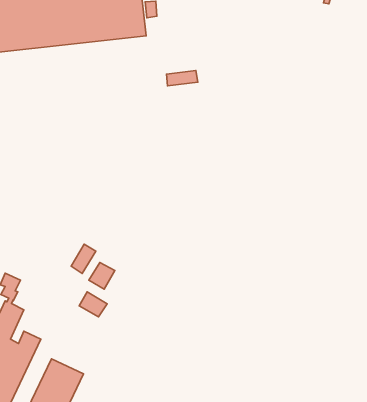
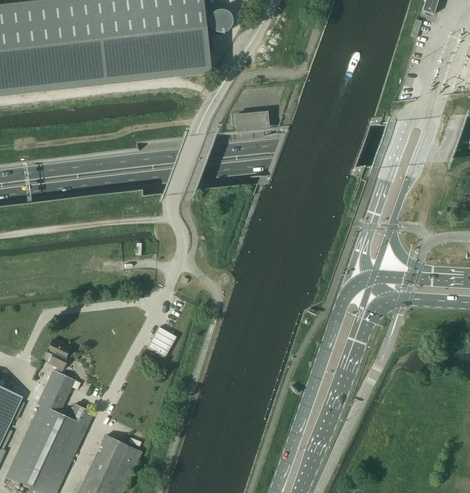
building: [71,244,96,274] -> none
building: [79,292,107,317] -> none

